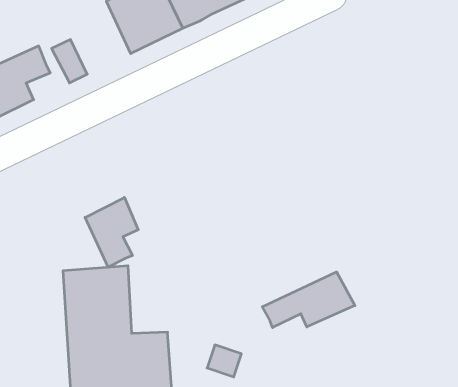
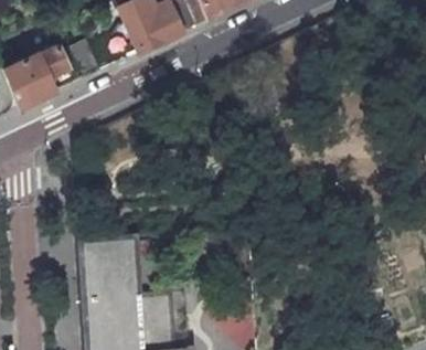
building: [85,197,138,267] -> none
building: [262,272,355,328] -> none

